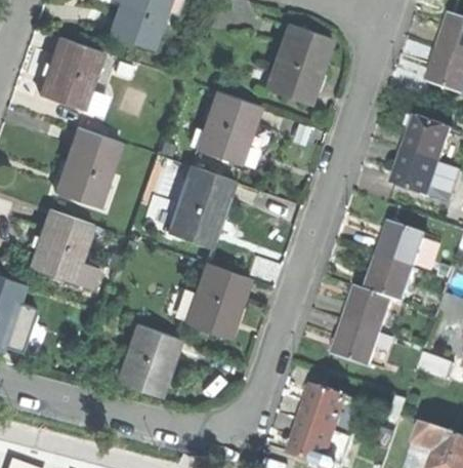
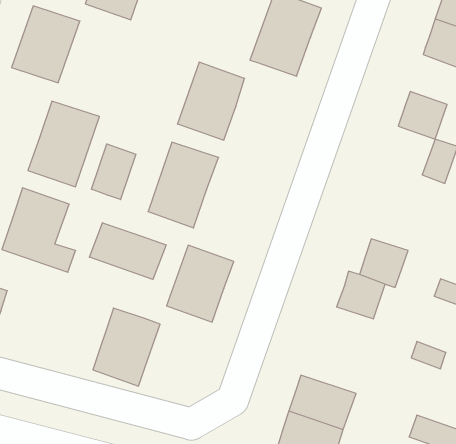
building: [392,151,439,198] -> none
building: none -> [91,144,136,200]
building: [379,225,425,269] -> none
building: none -> [89,223,166,279]
building: [335,322,381,368] -> none

